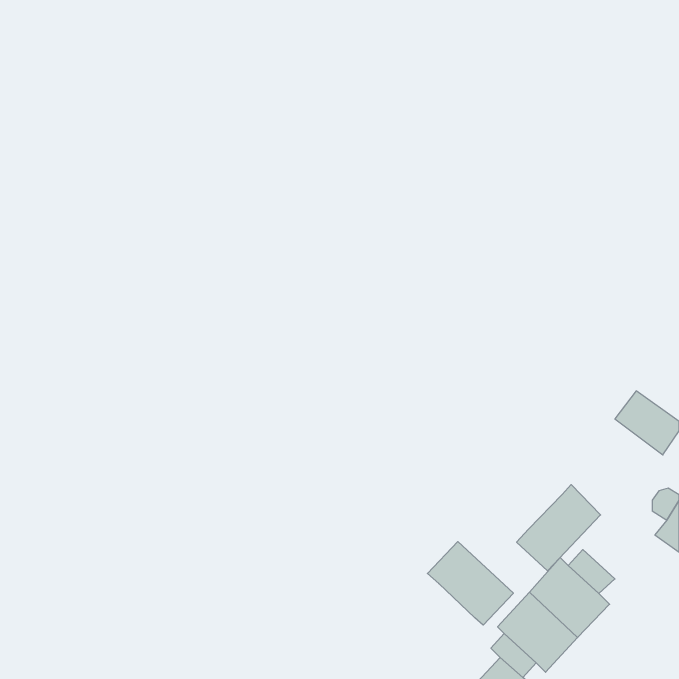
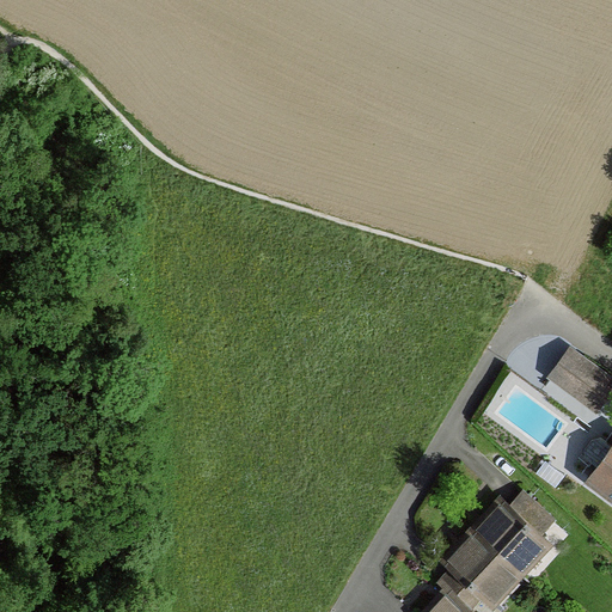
building: [517,485,601,571] -> none
building: [427,542,513,625] -> none

